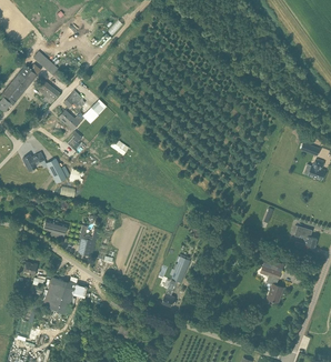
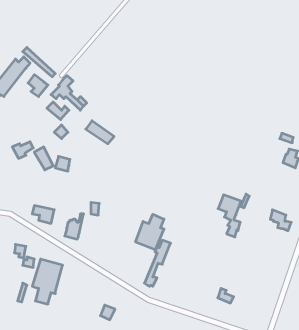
building: none -> [136,214,164,250]
building: [260,258,284,302] -> [218,195,241,237]

